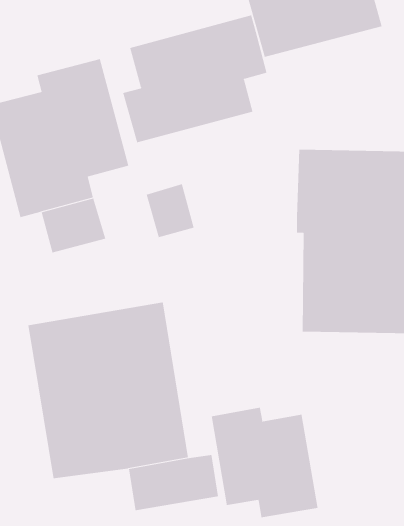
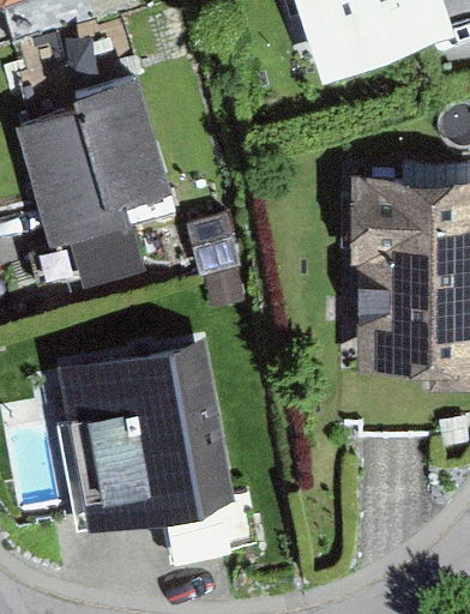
building: [123,14,267,143] -> none
building: [211,407,318,518] -> none

